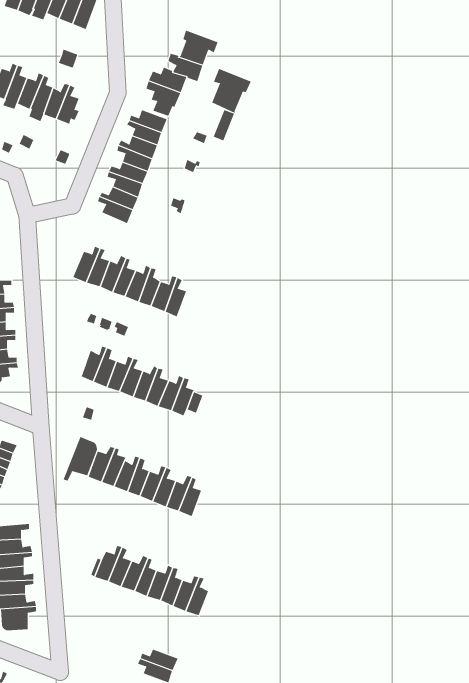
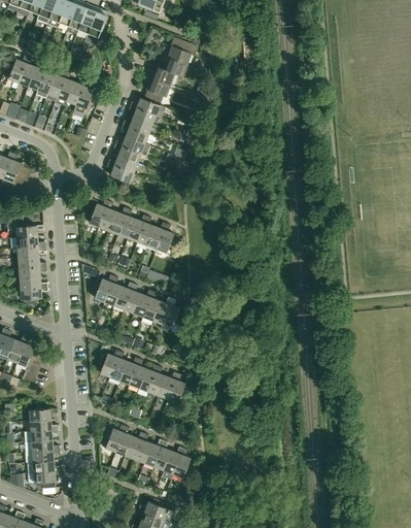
building: [211,68,252,114] -> none
building: [63,436,97,481] -> none

